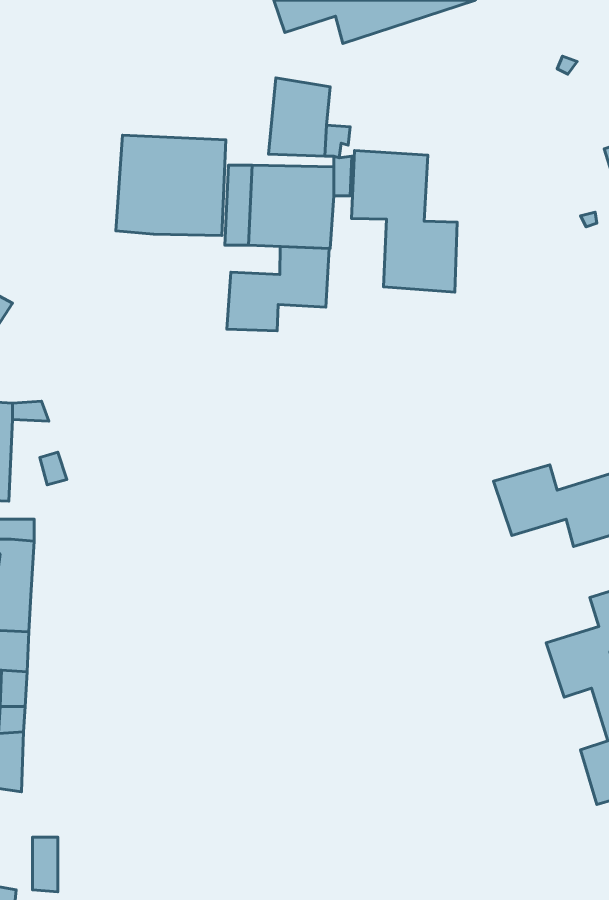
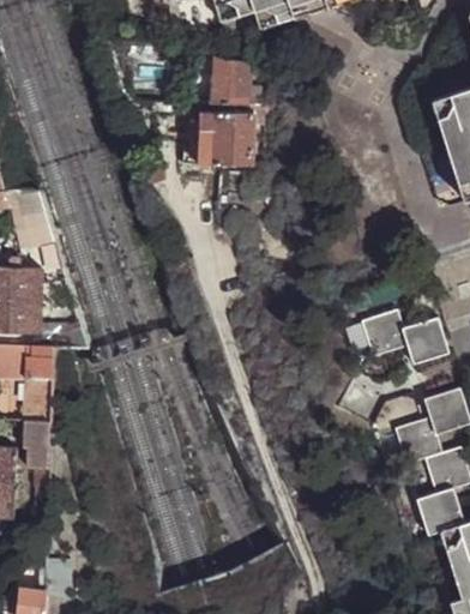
building: [116,135,226,236] -> none
building: [352,151,457,292] -> none
building: [227,246,329,331] -> none

